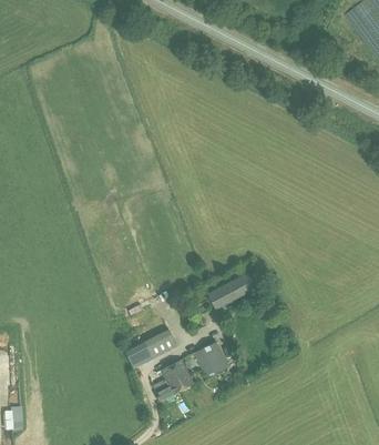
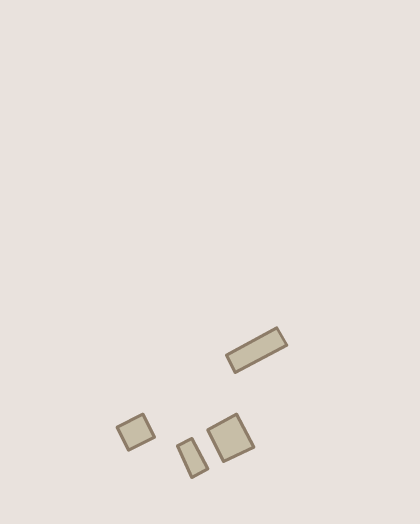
building: [143,328,176,358] -> none
building: [155,365,181,401] -> none

